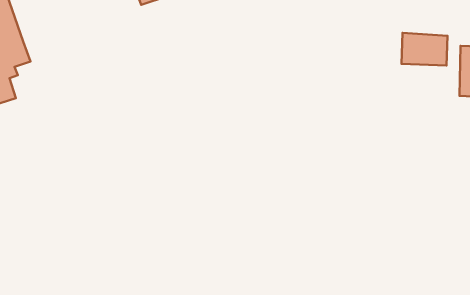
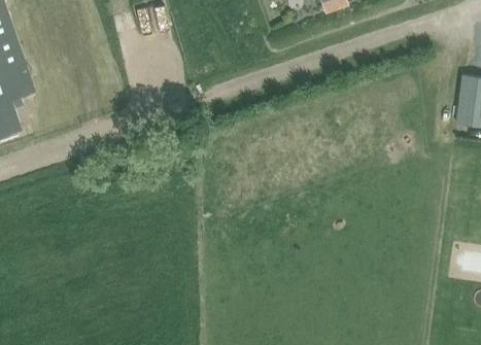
building: [401,33,448,65] -> none

